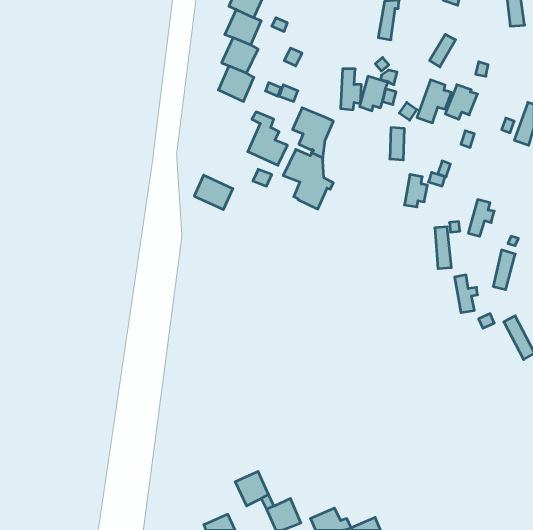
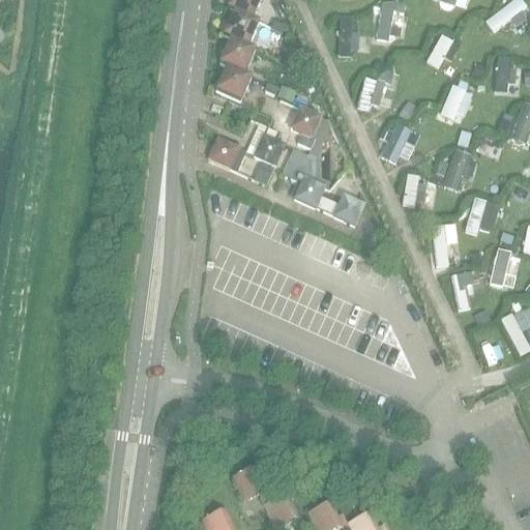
building: none -> [494,55,516,92]
building: [341,69,361,110] -> [337,16,358,56]
building: [417,80,451,123] -> [442,149,476,192]
building: [194,175,233,210] -> [209,139,247,173]
building: none -> [334,195,364,225]

